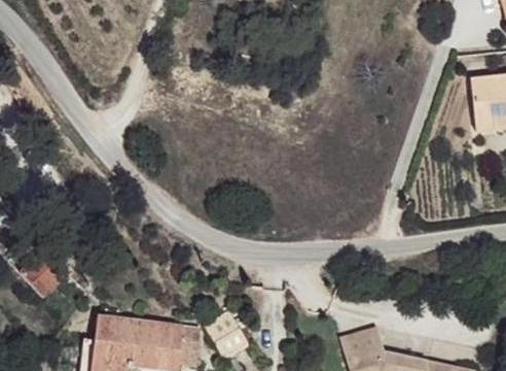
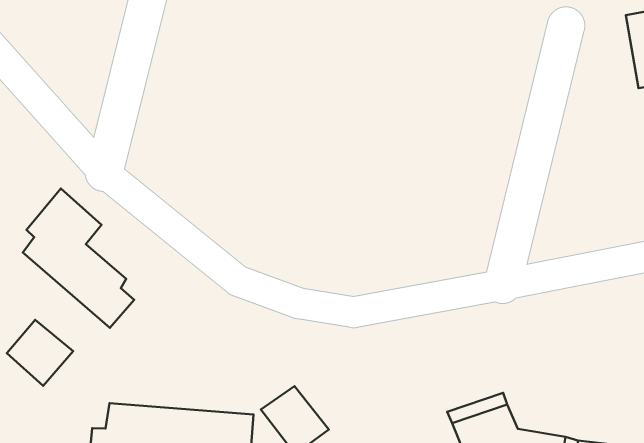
building: none -> [23,188,134,328]

